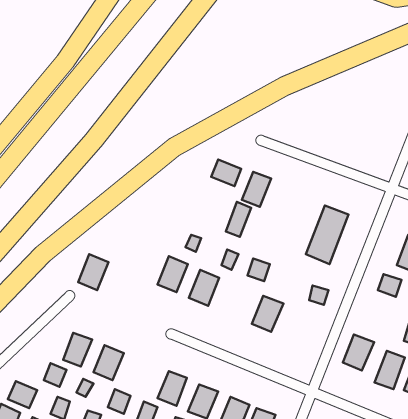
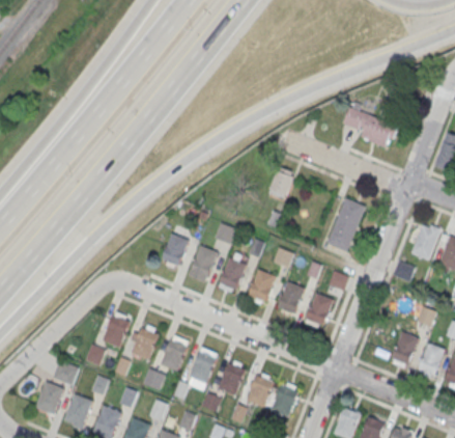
building: none -> [340,108,397,147]
building: [211,159,241,186] -> none
building: [226,202,251,237] -> none
building: [78,254,108,290] -> [160,232,188,266]
building: none -> [247,269,276,302]
building: [343,334,374,370] -> [305,293,334,326]
building: none -> [161,338,188,371]

